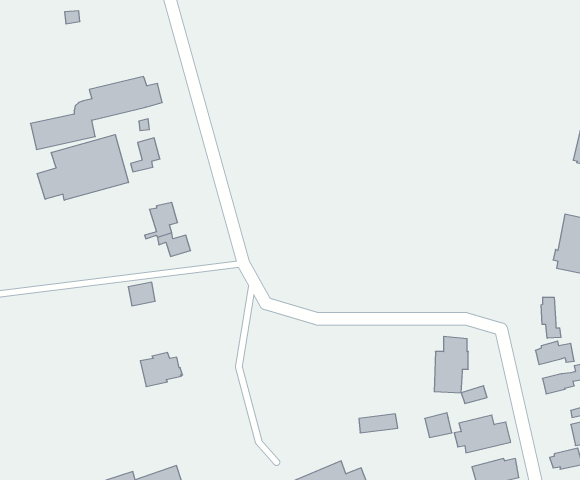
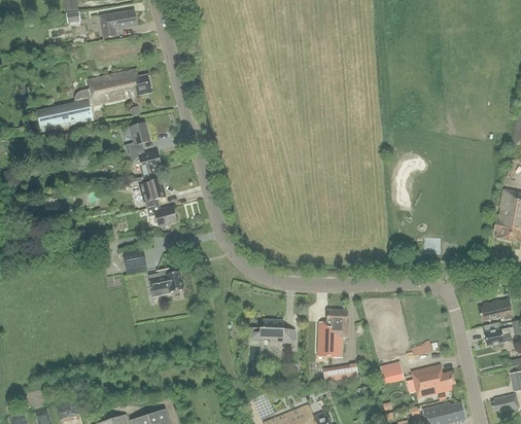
building: none -> [100,9,136,36]
building: [37,135,128,200] -> none
building: none -> [126,147,161,175]
building: [541,297,561,338] -> none
building: [434,336,468,393] -> [318,308,348,357]
building: [140,353,183,387] -> [147,267,184,296]
building: none -> [249,318,294,342]

